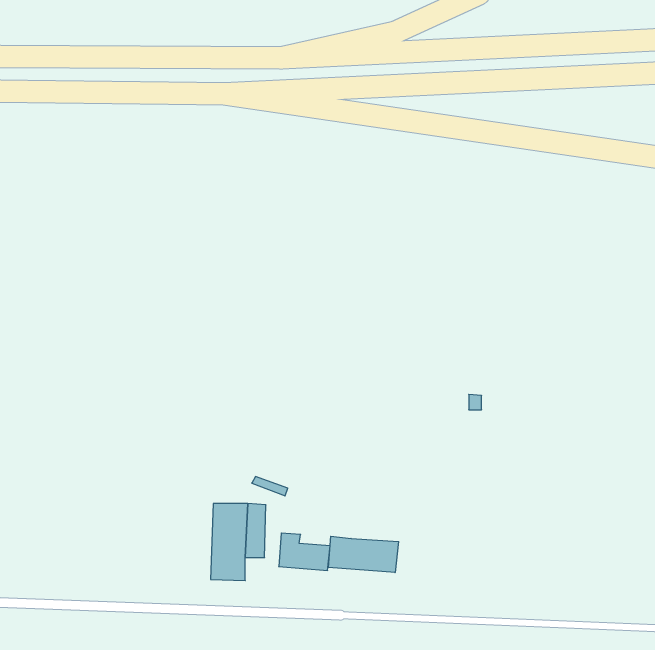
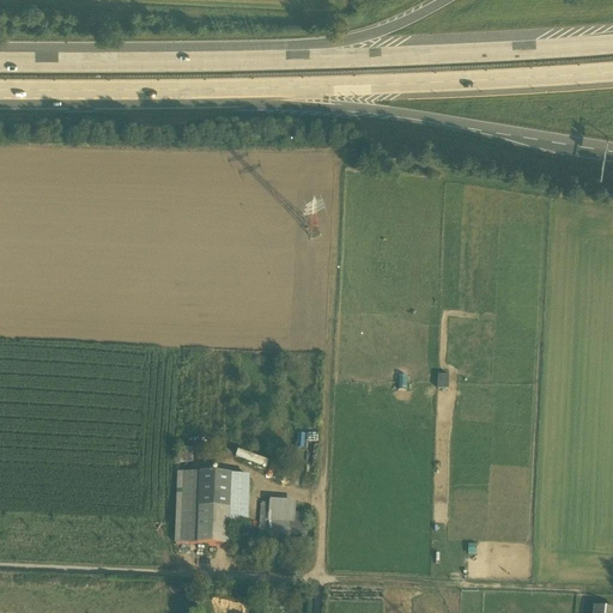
building: none -> [175,468,199,540]
building: [328,536,399,573] -> none

